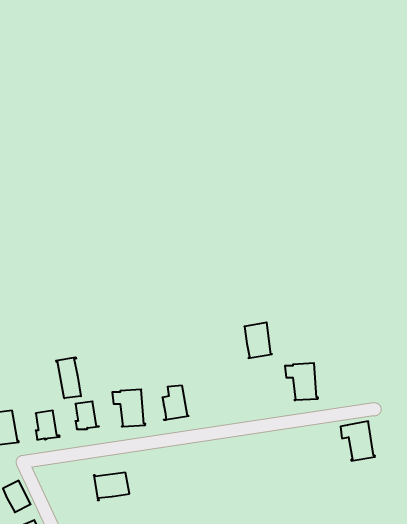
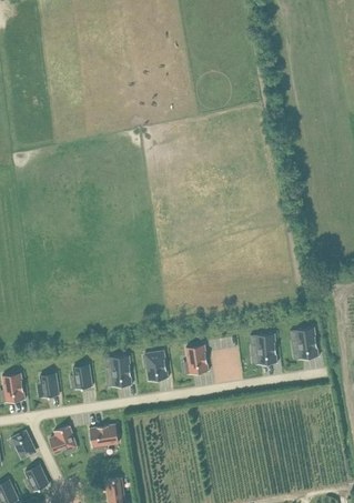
building: [244,322,272,358] -> [185,344,209,374]
building: [56,357,81,398] -> none
building: [341,421,375,461] -> [290,326,318,360]
building: none -> [50,425,75,453]

